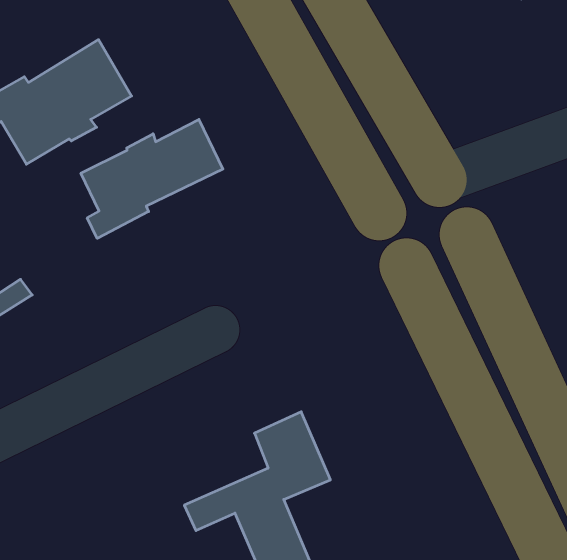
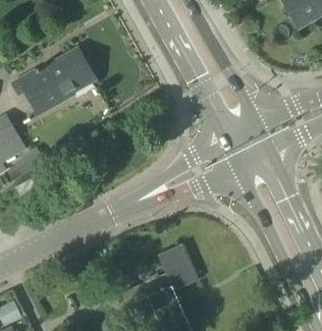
building: [81,119,223,238] -> none

